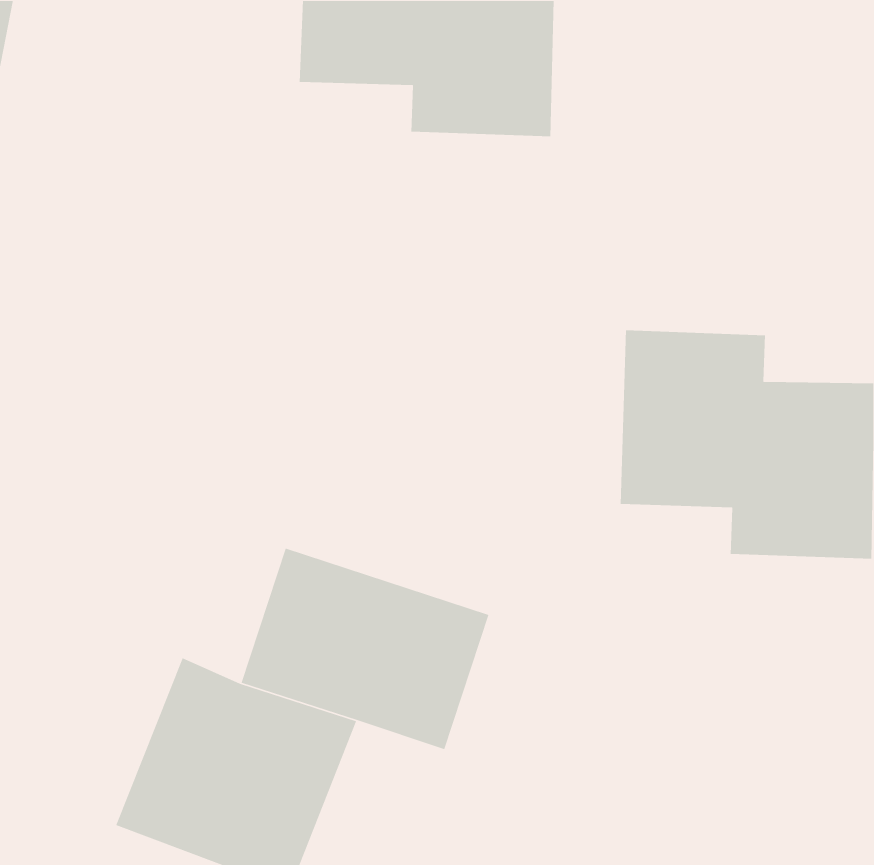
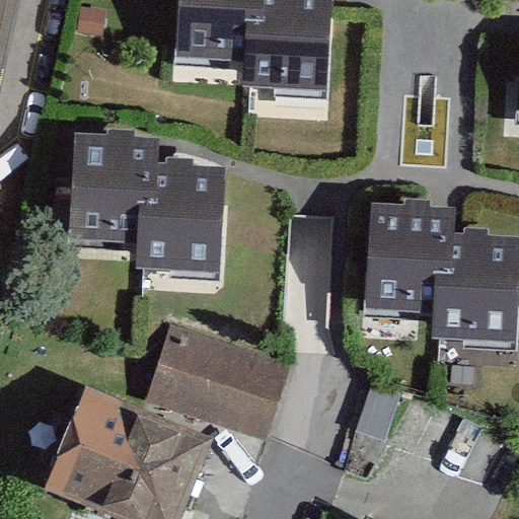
building: none -> [70,134,222,269]

